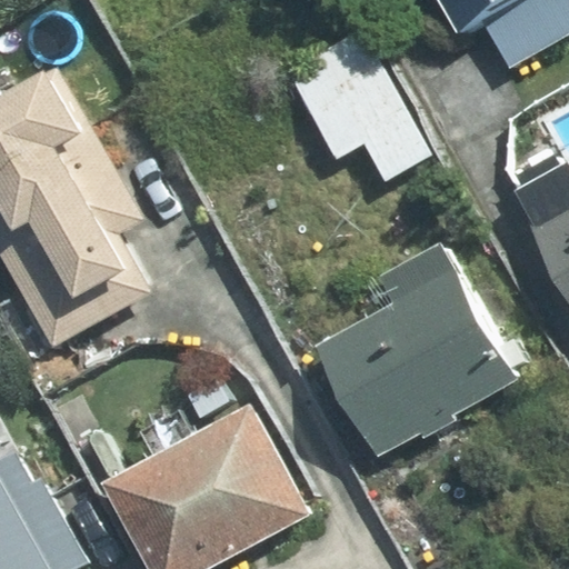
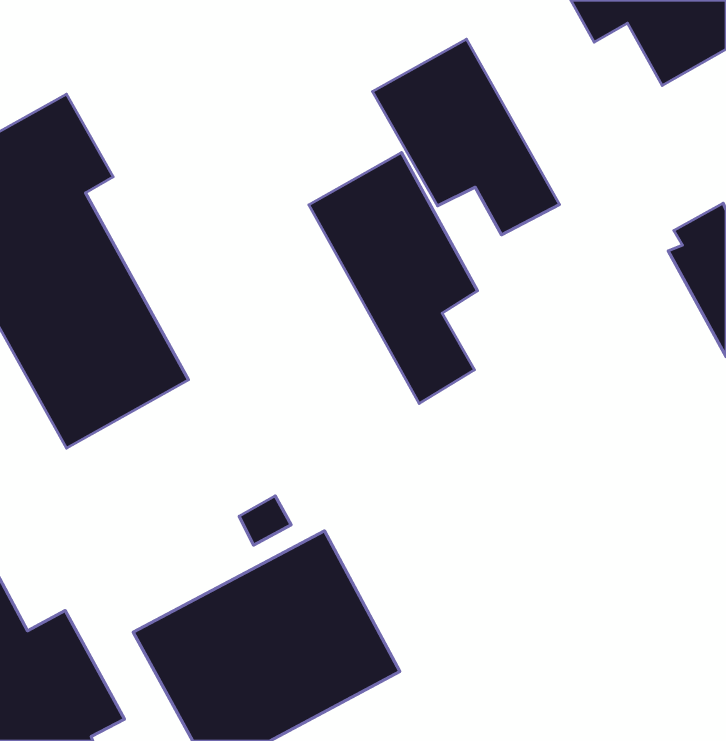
building: none -> [309,153,478,403]
building: [318,246,515,455] -> none

